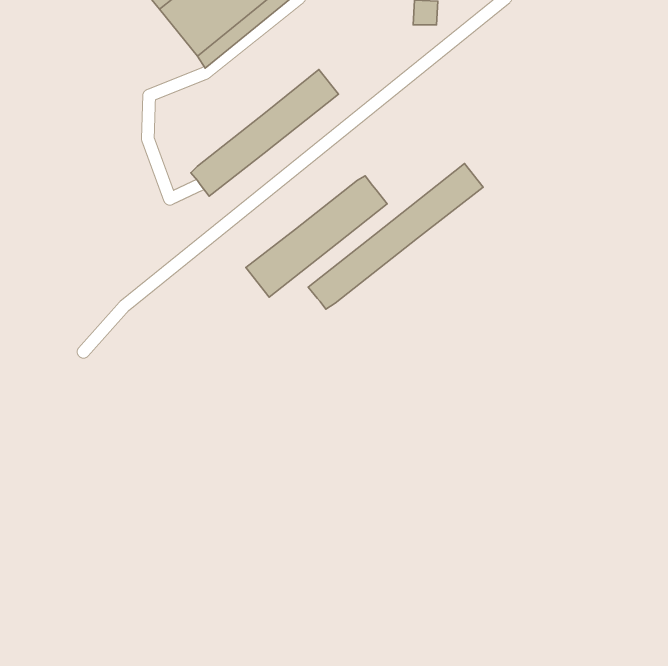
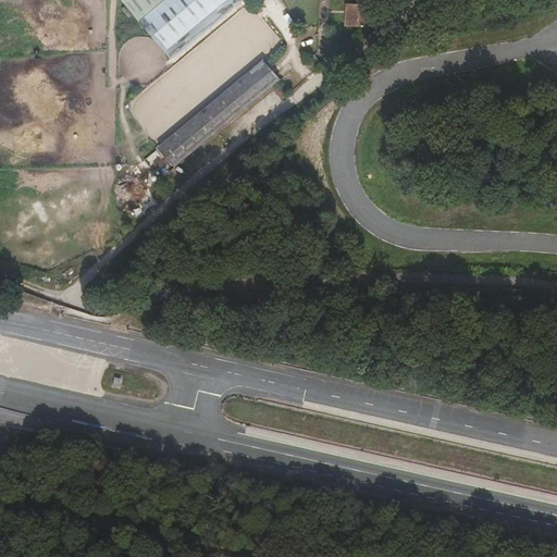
building: [308,164,483,309] -> none
building: [246,176,387,297] -> none

